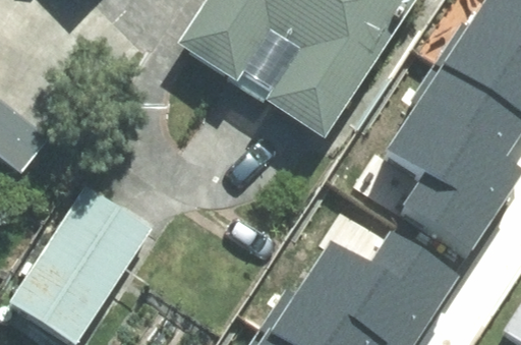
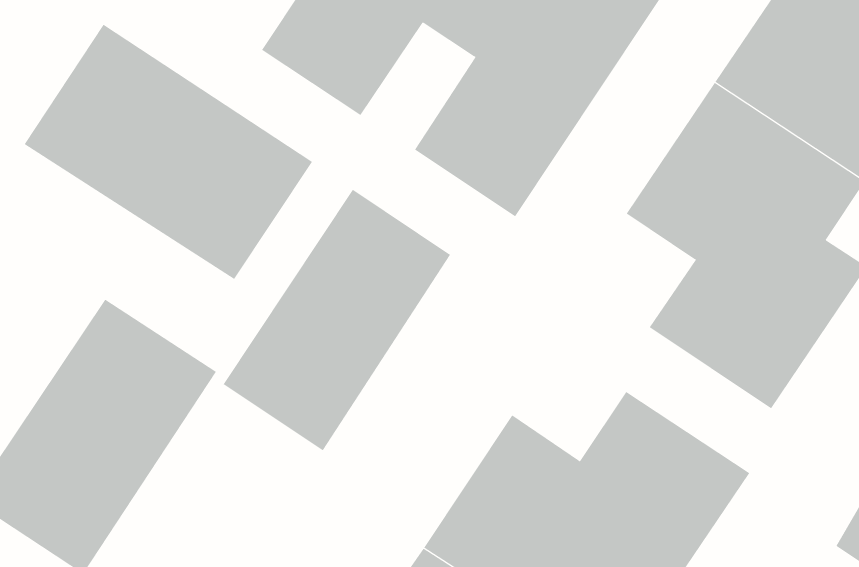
building: none -> [24,24,313,280]
building: none -> [223,189,451,451]

